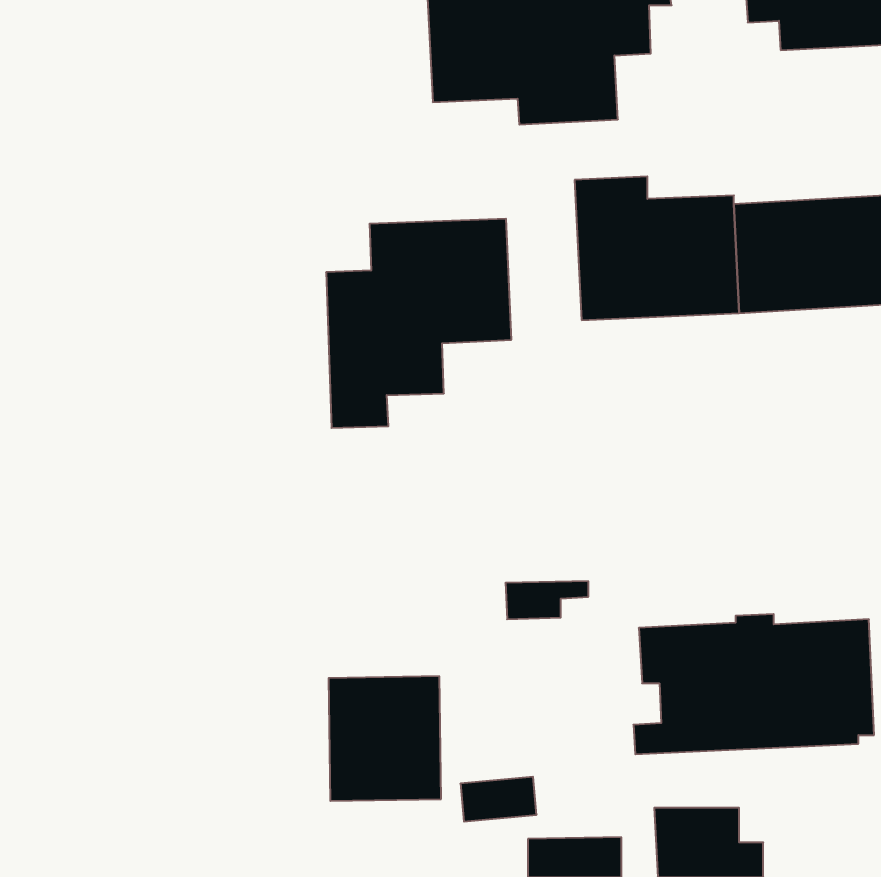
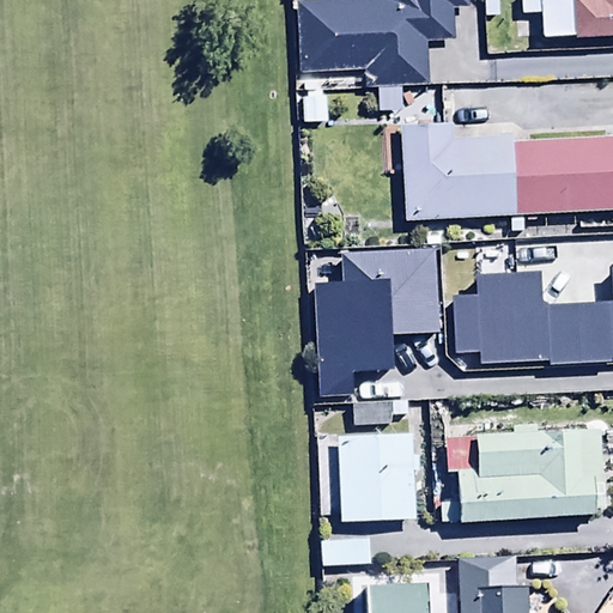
building: [326,219,511,428] -> [312,249,441,394]
building: none -> [457,249,589,359]
building: [329,676,441,801] -> [338,433,415,520]

